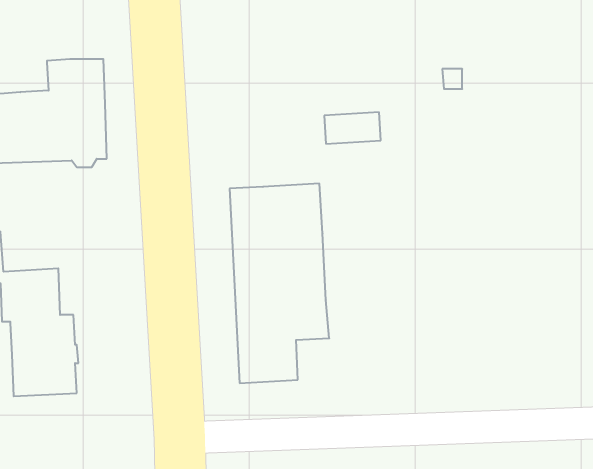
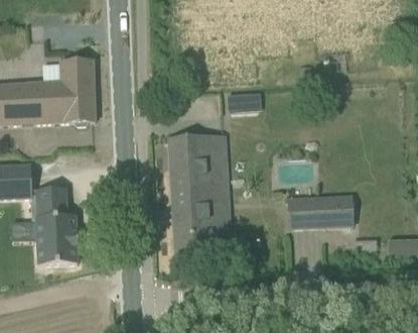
building: none -> [288,196,353,226]

